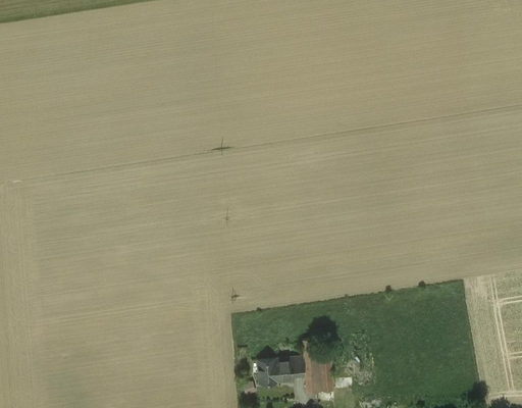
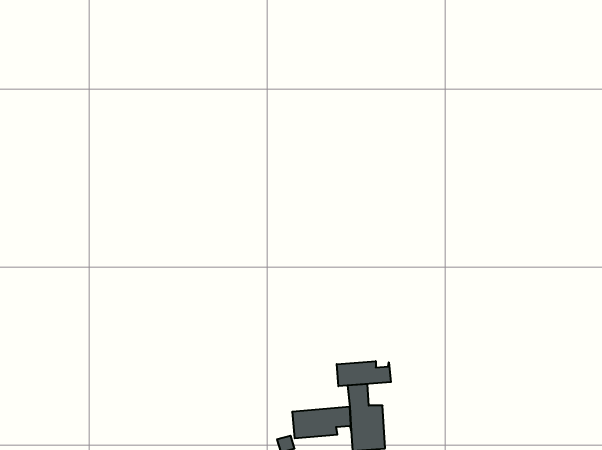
building: none -> [337,361,391,386]

